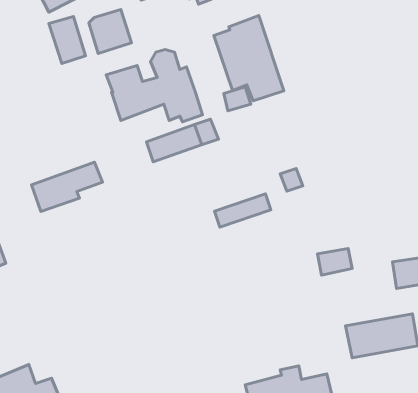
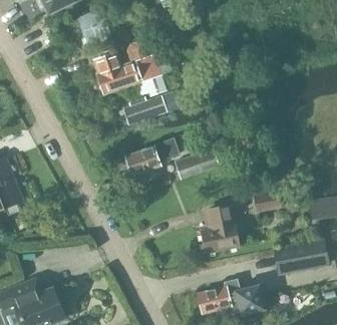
building: [214,16,284,101] -> none
building: [49,17,85,64] -> none
building: [32,162,102,212] -> [126,138,180,176]
building: none -> [201,204,239,253]

